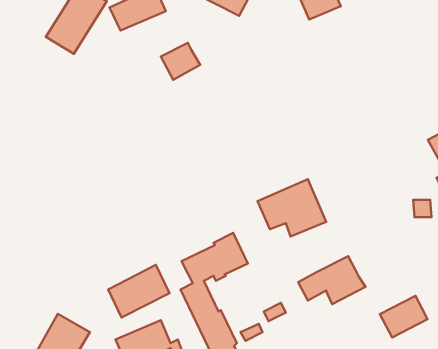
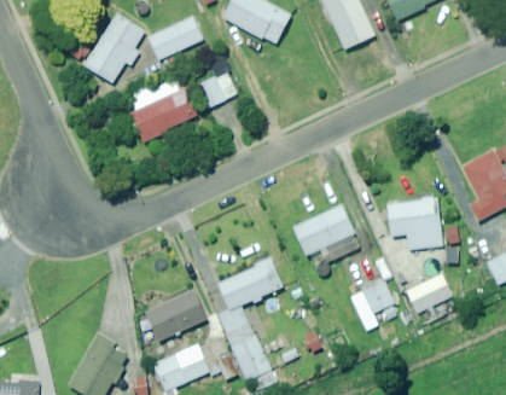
building: none -> [127,77,194,141]
building: none -> [386,198,442,250]
building: [380,296,428,338] -> [405,272,452,313]

